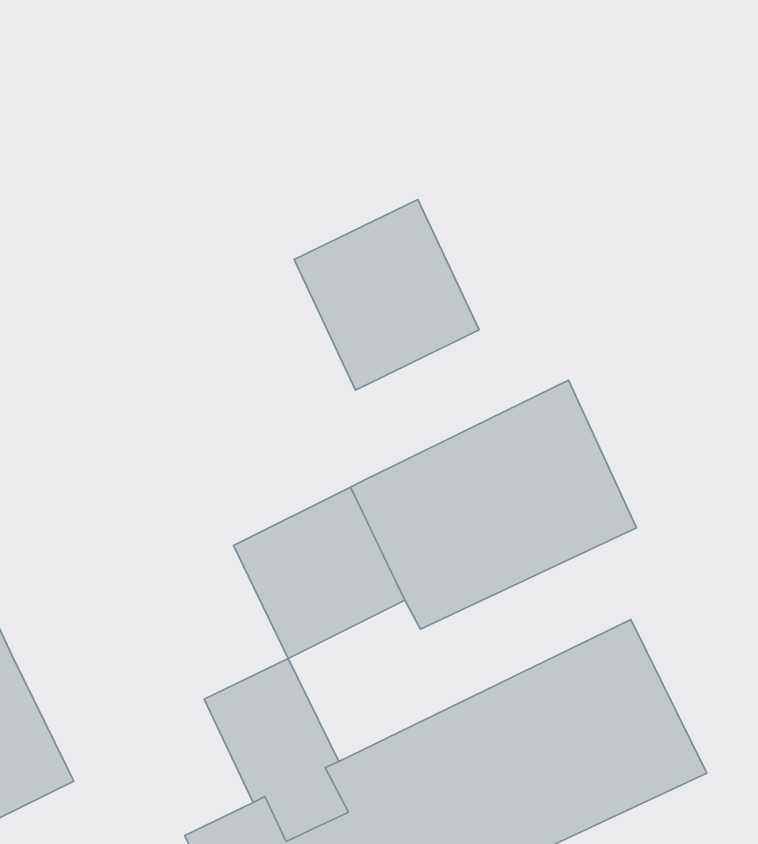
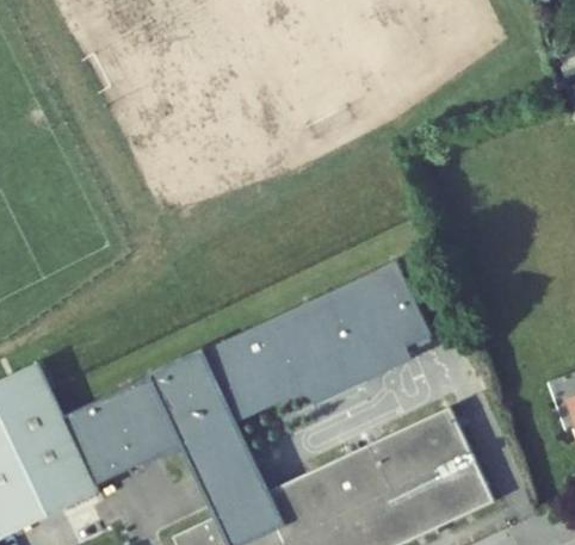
building: [294,200,479,390] -> none
building: none -> [62,355,231,490]

